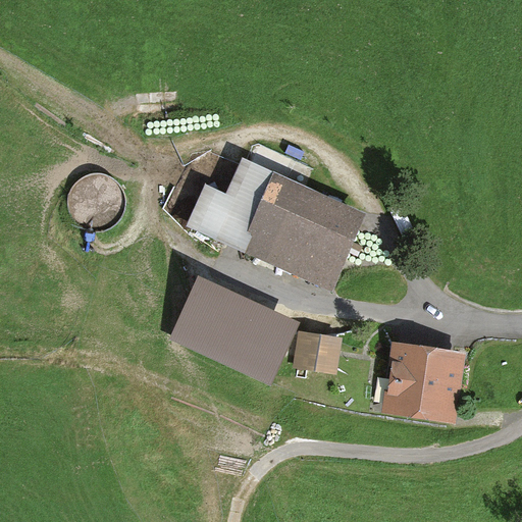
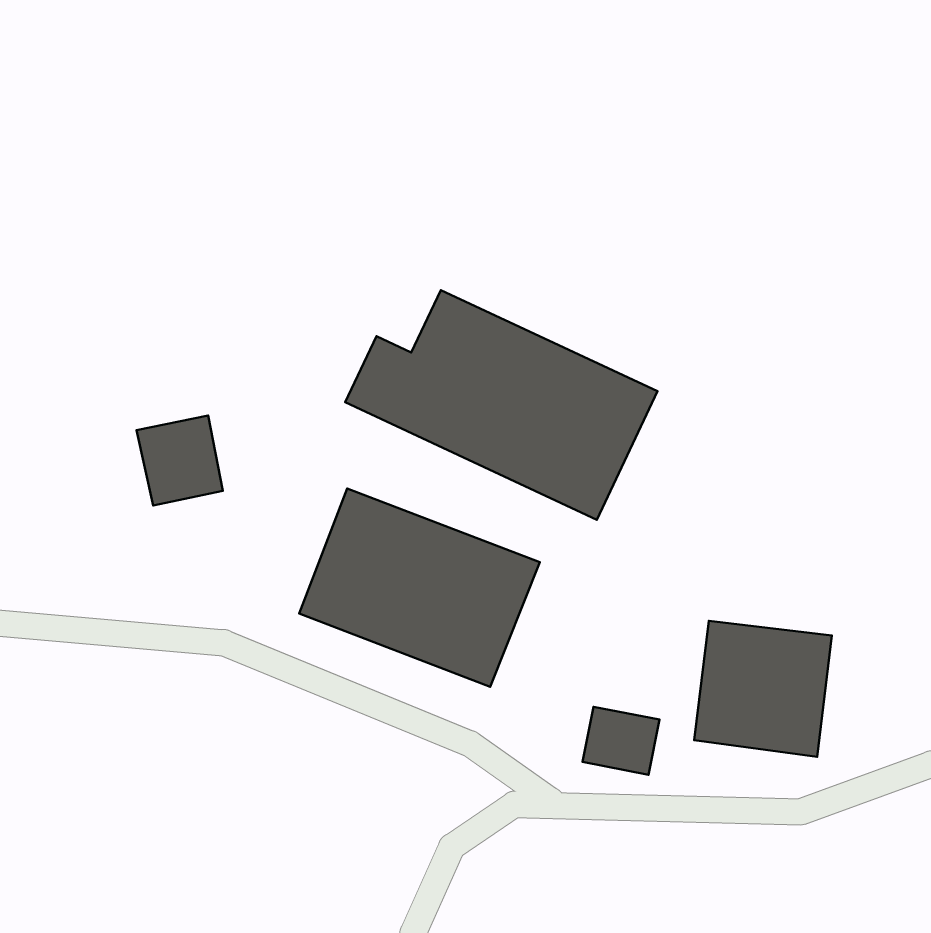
building: [65,173,113,223] -> [137,416,223,506]
building: [295,335,337,373] -> [583,707,660,775]

